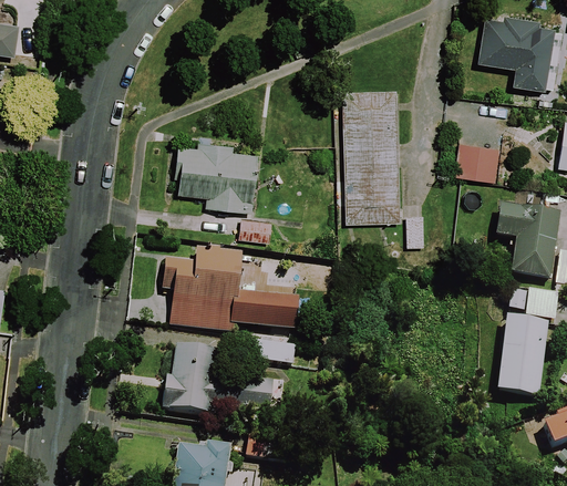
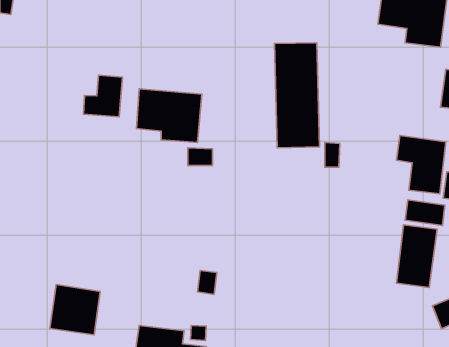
building: none -> [83,75,122,117]
building: [454,142,497,183] -> none
building: [162,247,297,365] -> none
building: [161,354,224,417] -> [50,284,100,335]

